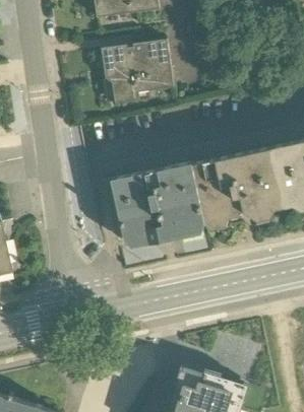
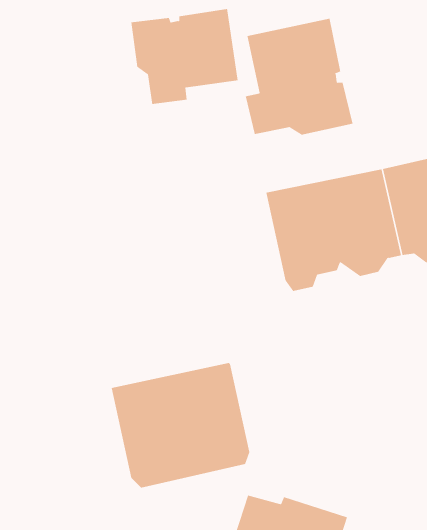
building: none -> [245,18,353,136]
building: [110,162,204,248] -> [111,363,250,488]

